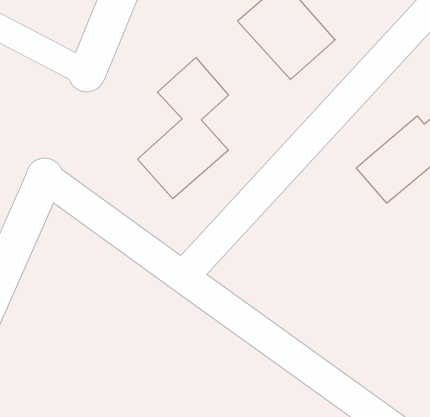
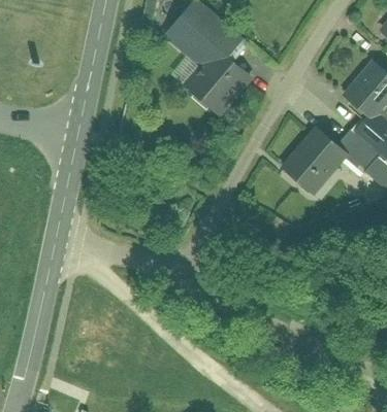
building: [138,58,229,199] -> none

